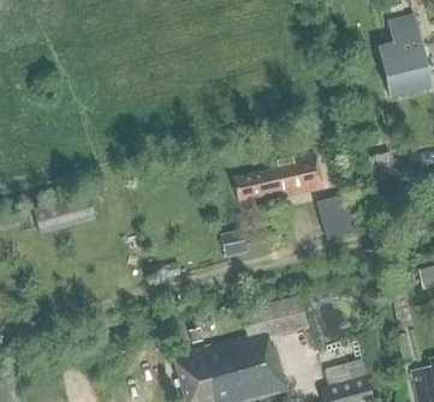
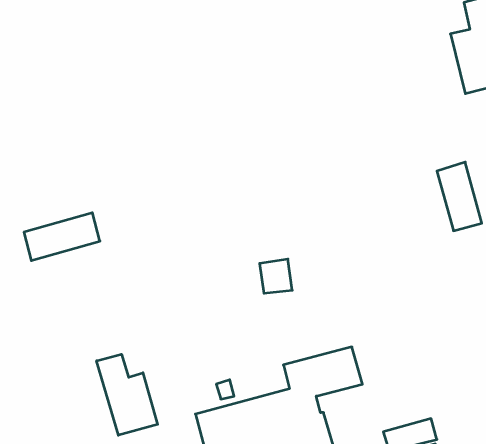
building: [234,156,325,205] -> none
building: [317,198,355,245] -> none
building: none -> [97,354,158,435]

